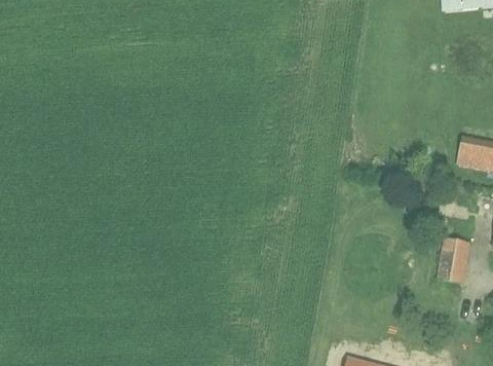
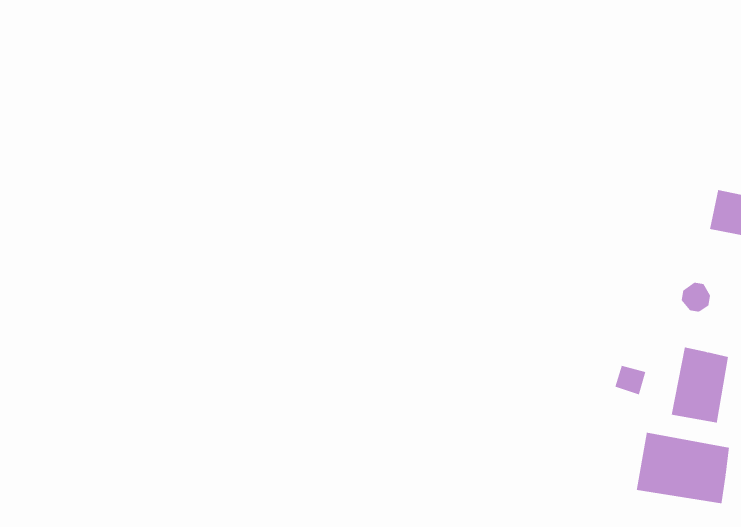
building: none -> [636,432,730,504]

